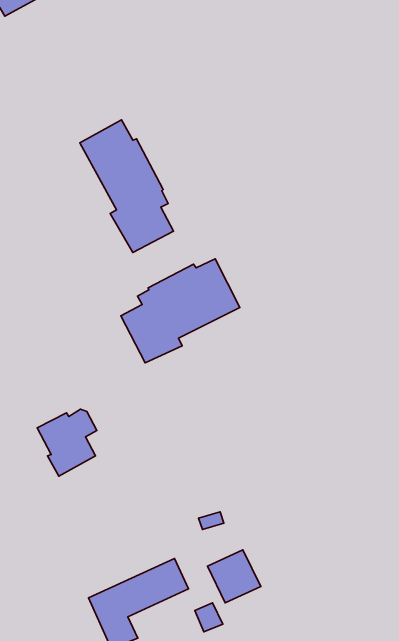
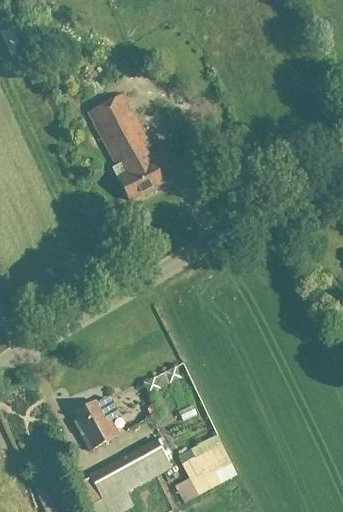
building: [121,259,240,363] -> none
building: [37,409,97,476] -> [71,398,118,451]

